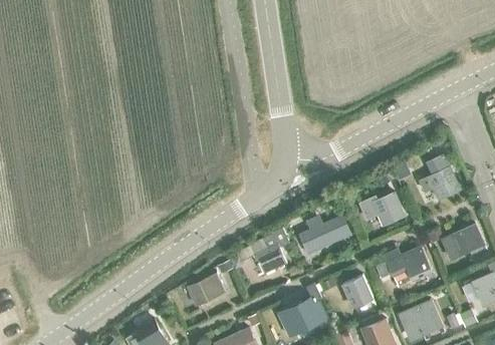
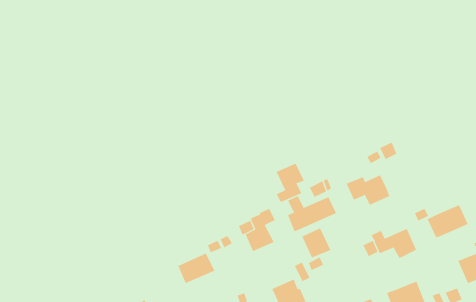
building: [420,168,459,201] -> none
building: none -> [276,163,304,203]
building: [342,275,373,306] -> [302,227,331,258]

